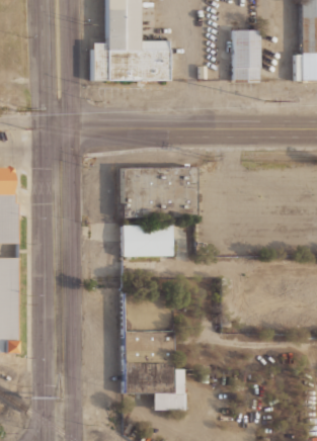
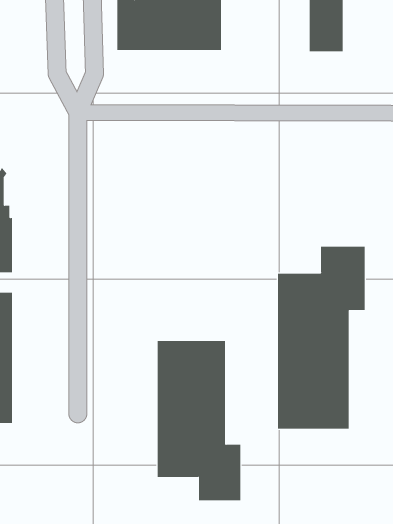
building: [122,168,194,217] -> none
building: none -> [277,246,365,429]
building: [123,226,173,256] -> none

